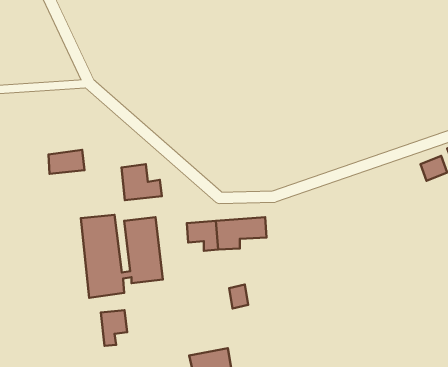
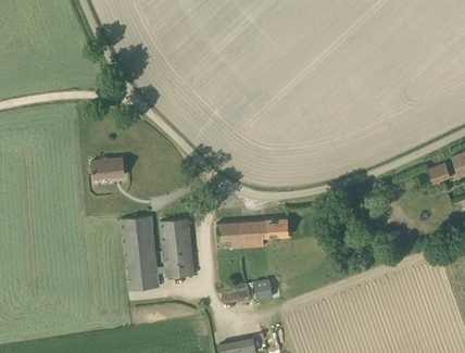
building: [121,164,162,200] -> none
building: none -> [221,281,251,303]
building: [101,310,127,346] -> none

